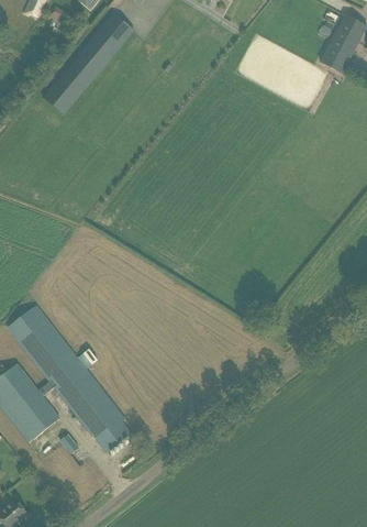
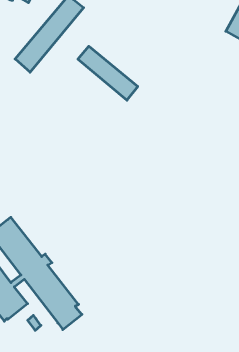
building: none -> [78,46,138,100]

